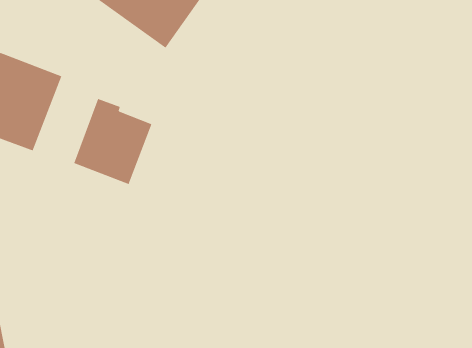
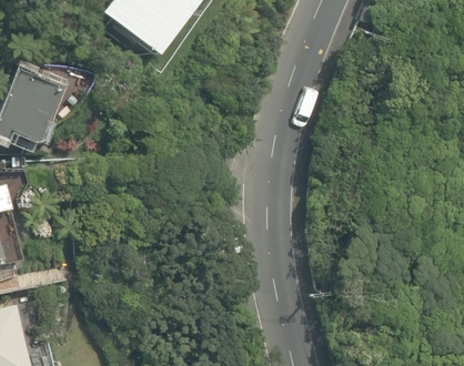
building: [73,98,152,185] -> none

